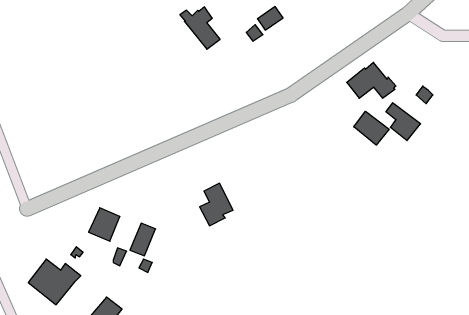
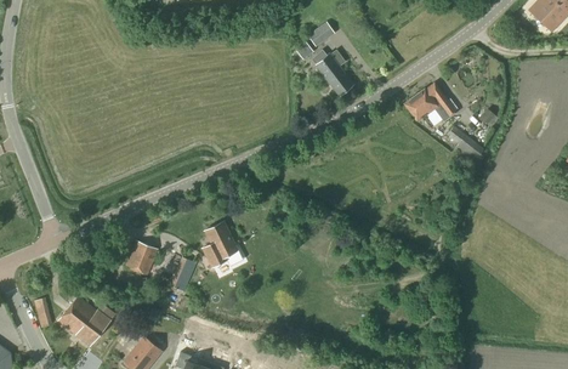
building: [180,7,220,49] -> [311,50,354,96]
building: [354,111,389,145] -> none
building: [200,183,233,226] -> [201,222,238,268]

